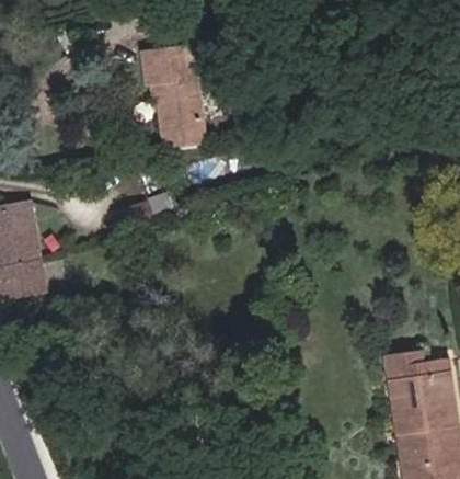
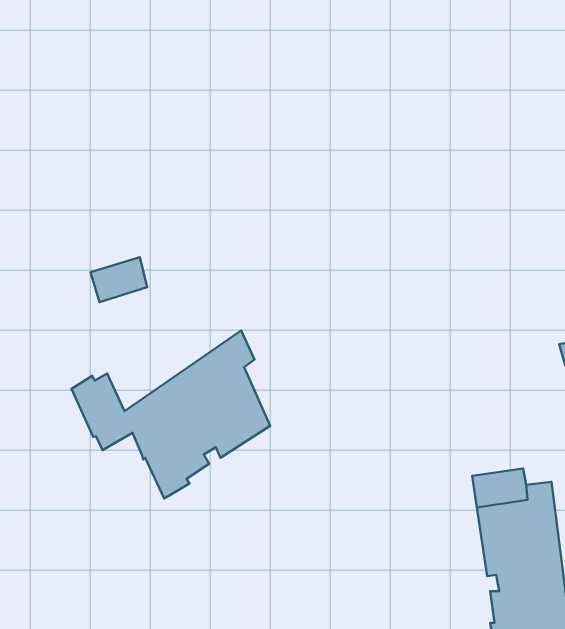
building: [143,37,207,142] -> none
building: none -> [72,331,270,499]

